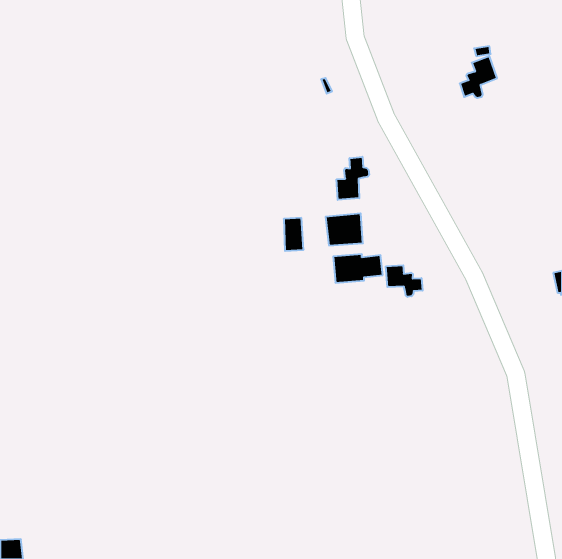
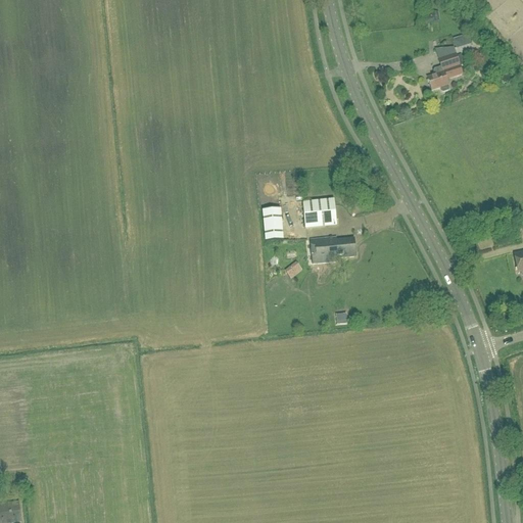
building: [337,157,369,200] -> none
building: [386,265,423,297] -> none

